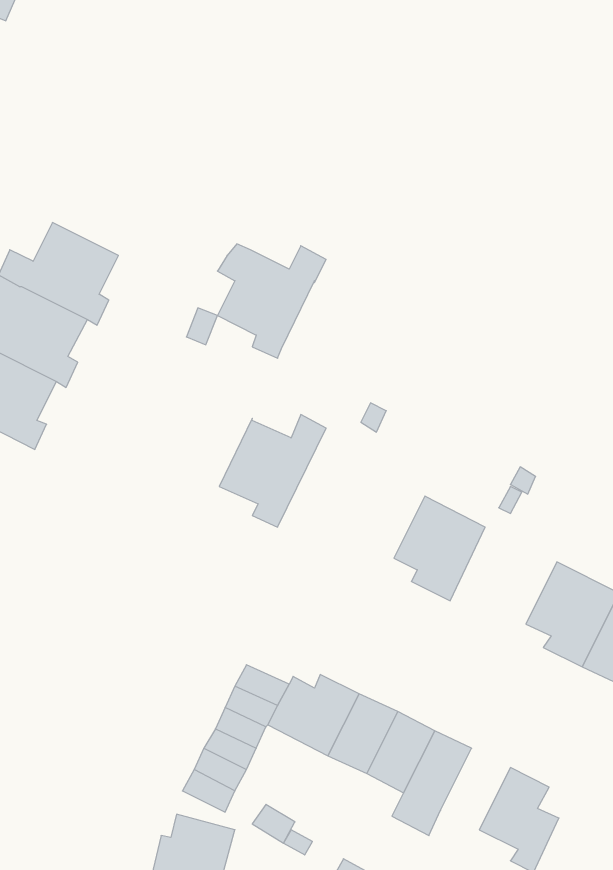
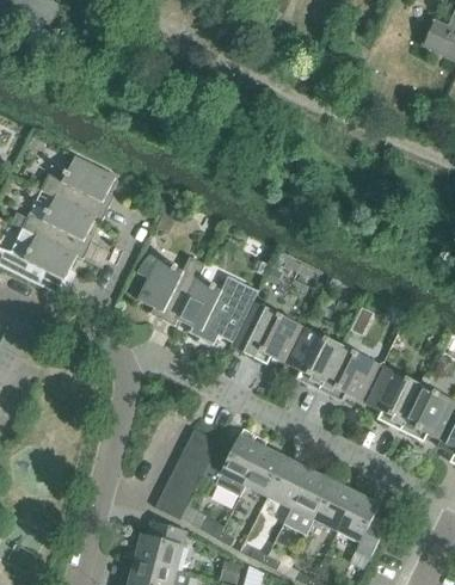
building: [217,244,326,358] -> [137,254,204,325]
building: none -> [229,300,303,364]
building: none -> [319,344,379,401]
building: none -> [313,480,356,530]

